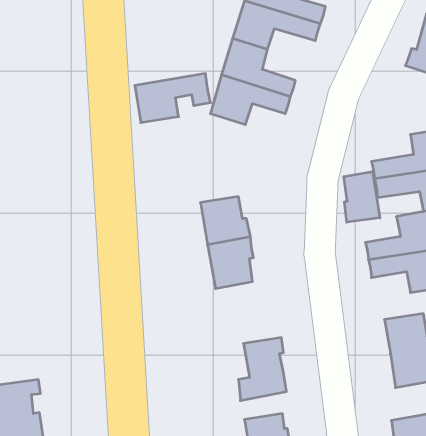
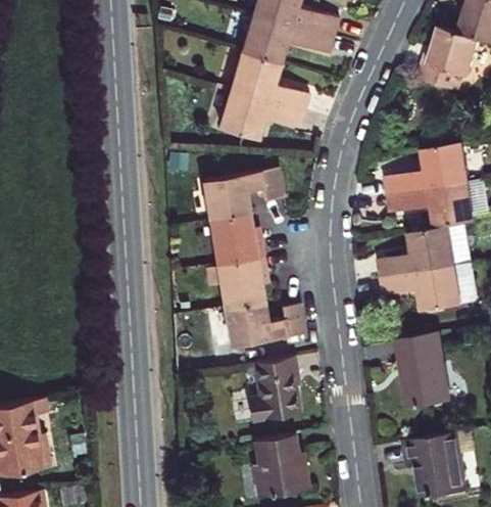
building: [135,74,211,123] -> [203,169,281,219]
building: [344,172,380,222] -> none
building: none -> [225,299,303,347]

